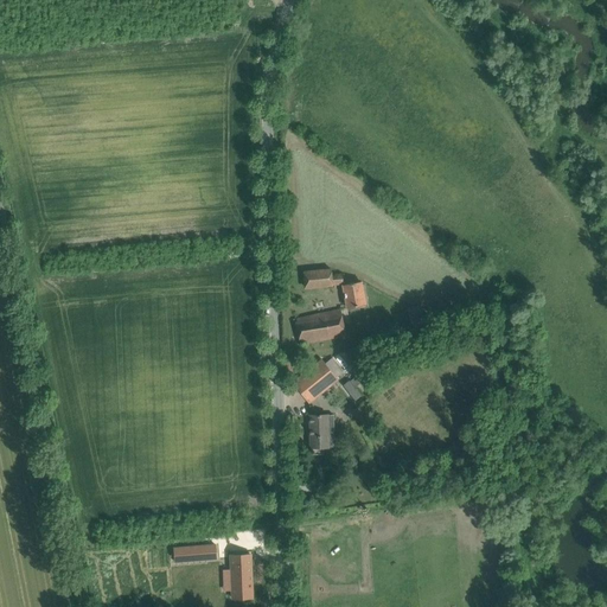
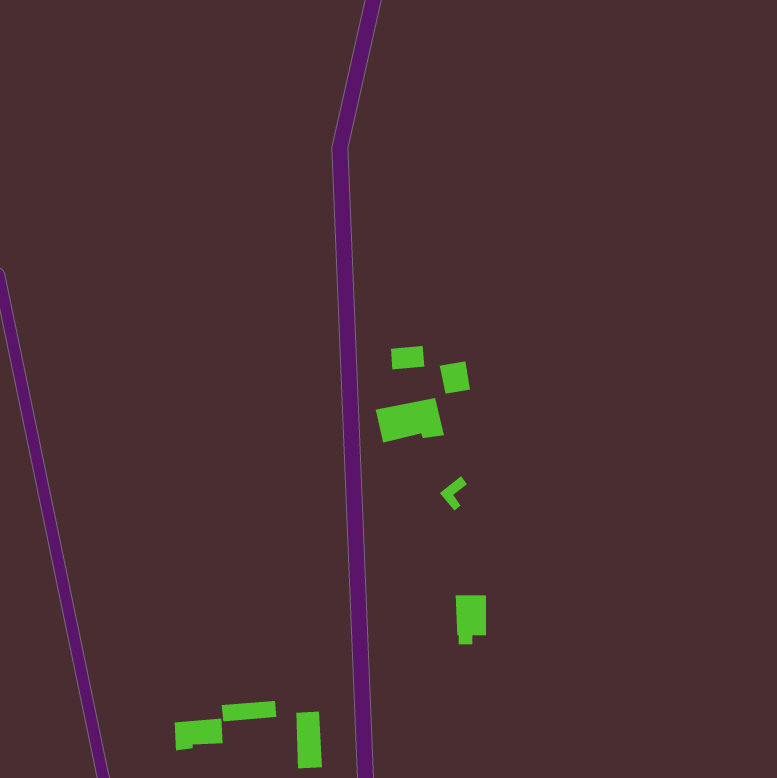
building: [290,359,337,403] -> none
building: [308,415,333,454] -> [455,595,487,645]
building: none -> [174,718,223,751]

